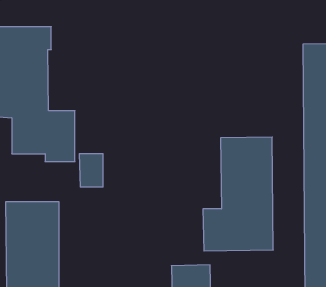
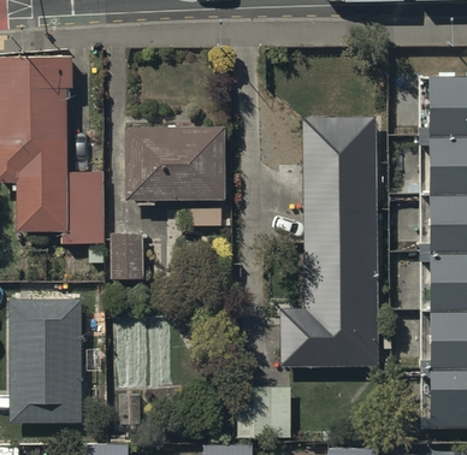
building: none -> [303,122,376,212]
building: none -> [126,129,226,203]

